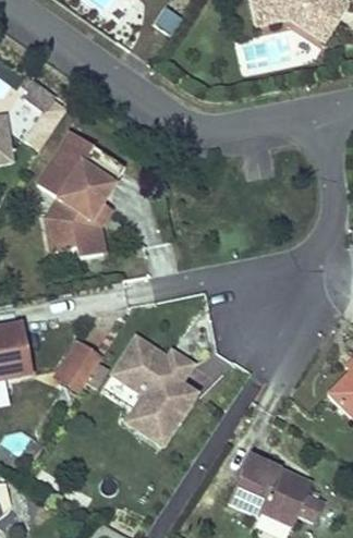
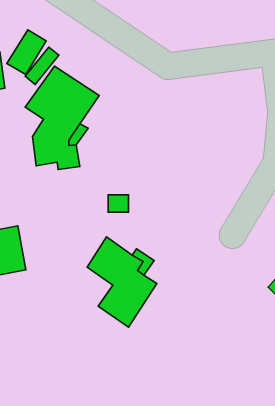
building: [60,342,109,395] -> none
building: [226,453,309,524] -> none

